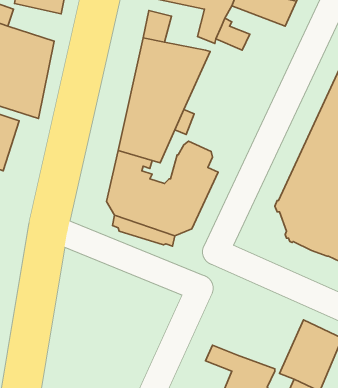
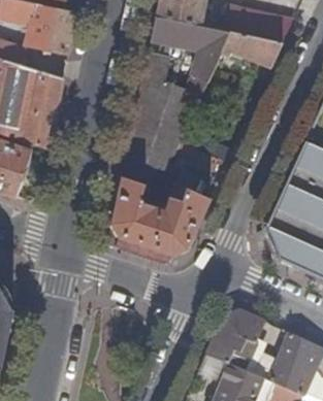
building: none -> [205,309,265,364]

